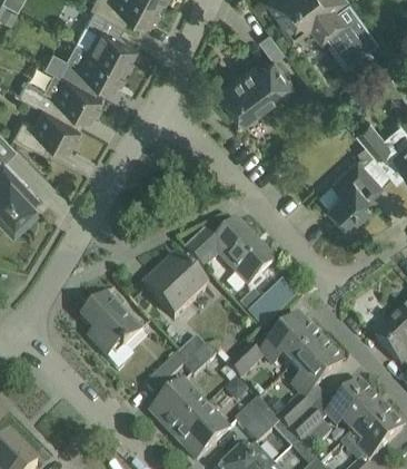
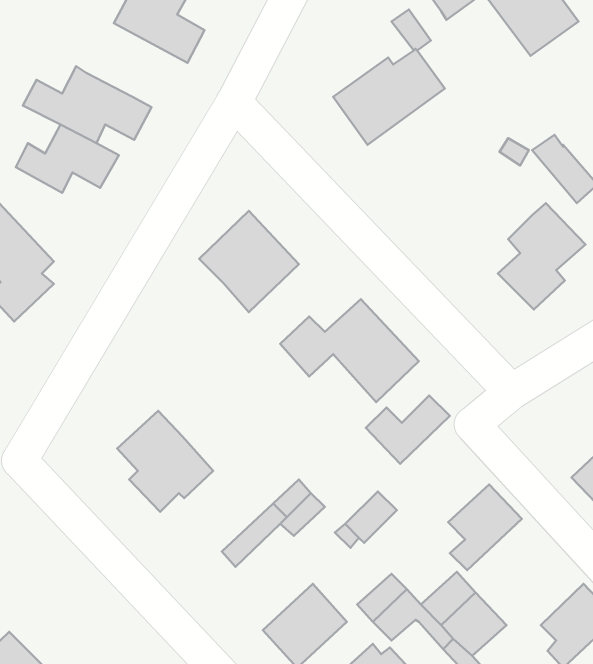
building: [59,40,125,88] -> none
building: [142,254,207,320] -> [199,211,299,312]
building: [261,315,320,364] -> none
building: [150,380,206,434] -> none
building: [327,381,381,431] -> none

